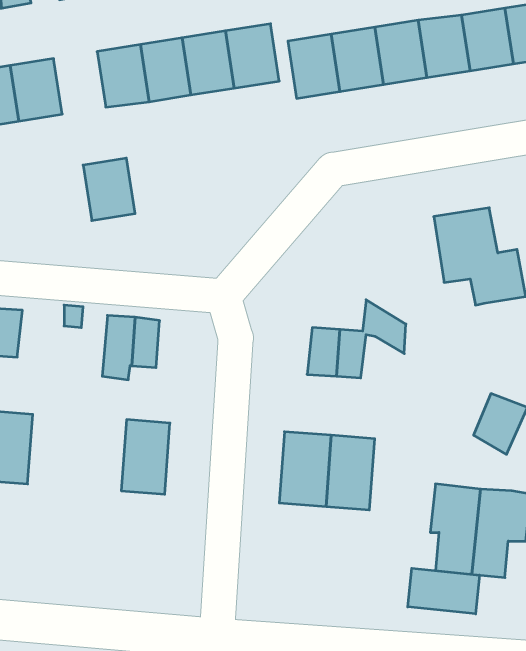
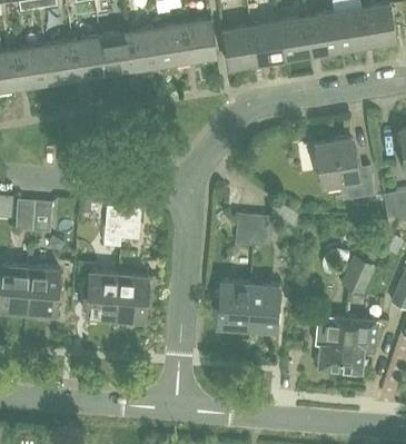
building: [83,158,135,221] -> [72,37,106,77]
building: none -> [86,270,119,318]
building: [408,568,479,614] -> none

